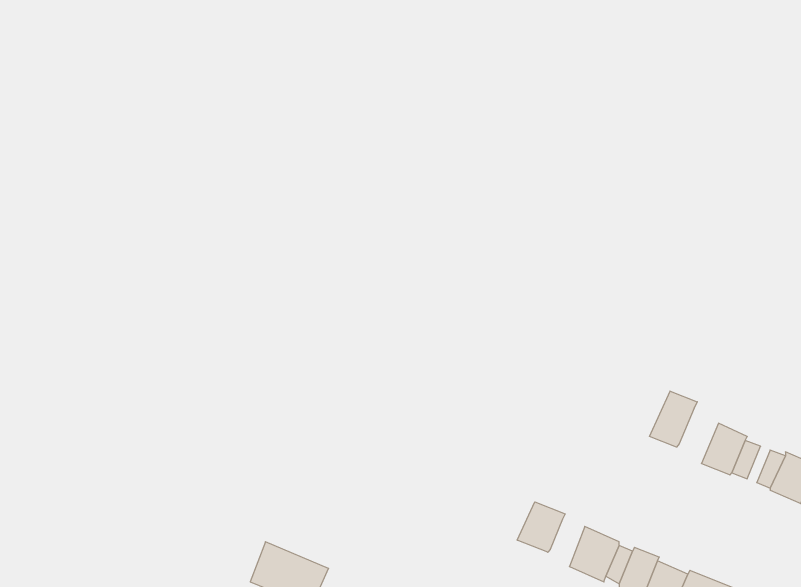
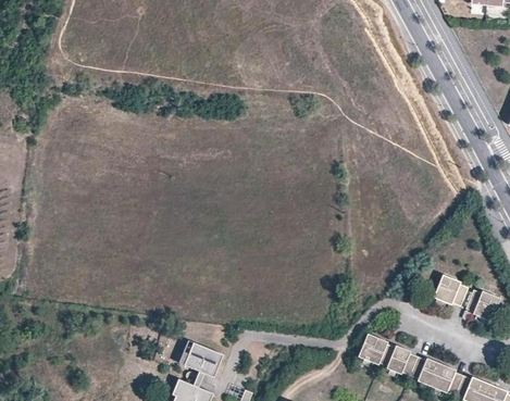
building: [649,391,697,447] -> none
building: [517,502,565,552] -> none

